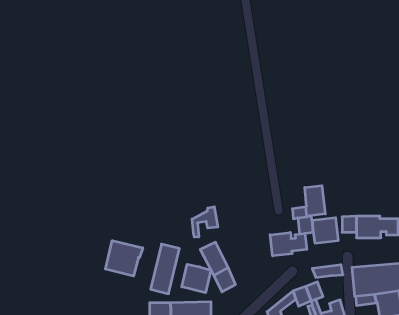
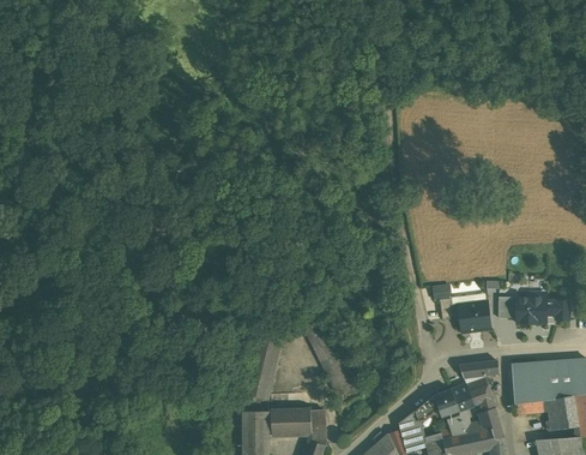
building: [305,186,325,216] -> none
building: [192,207,218,237] -> none
building: [270,232,307,256] -> none
building: [105,241,143,276] -> none
building: [182,264,211,293] -> none
building: none -> [463,375,495,412]

